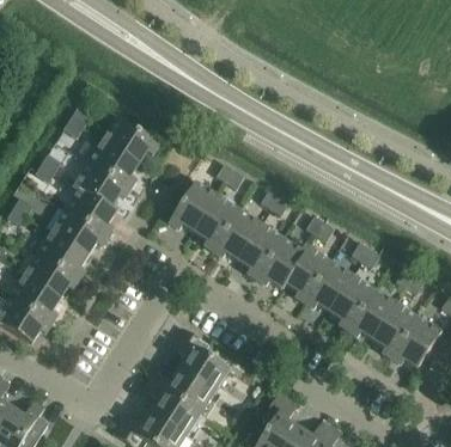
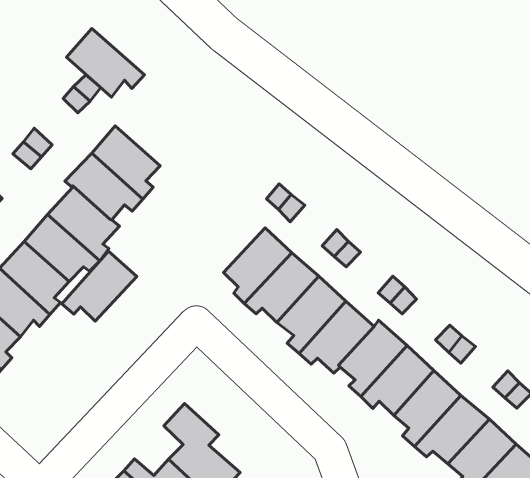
building: [103,120,159,165] -> [67,29,144,97]
building: [170,182,219,232] -> [62,251,137,321]

